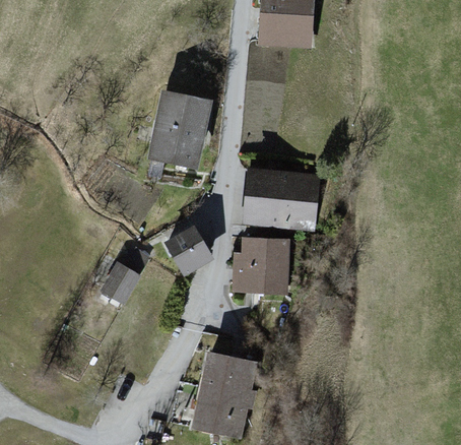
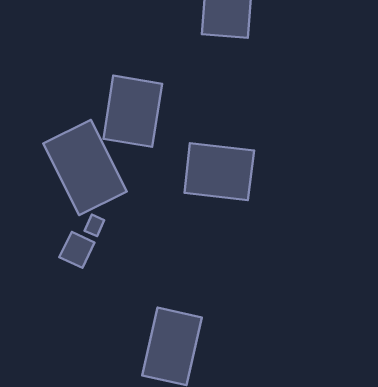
building: none -> [43,120,127,215]
building: [164,224,211,273] -> none
building: [228,236,291,296] -> none

